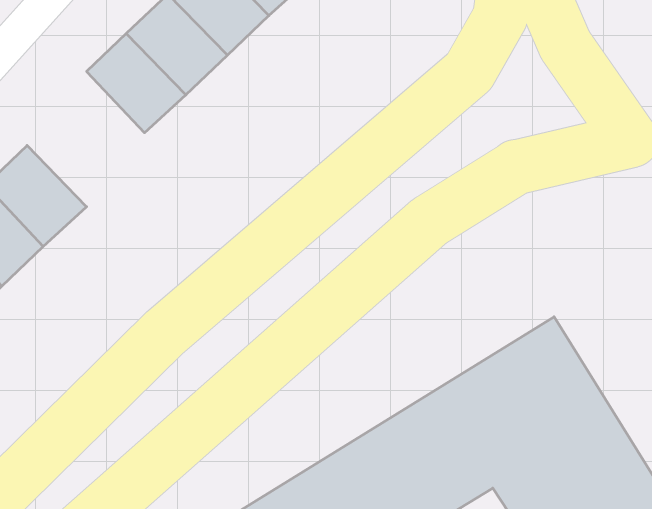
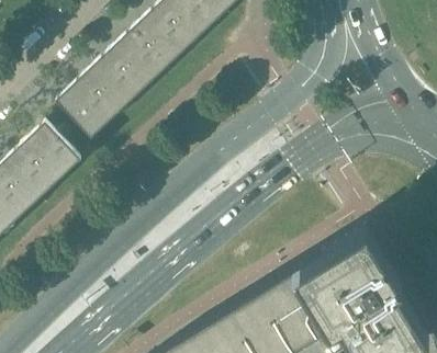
building: none -> [55,76,116,137]

